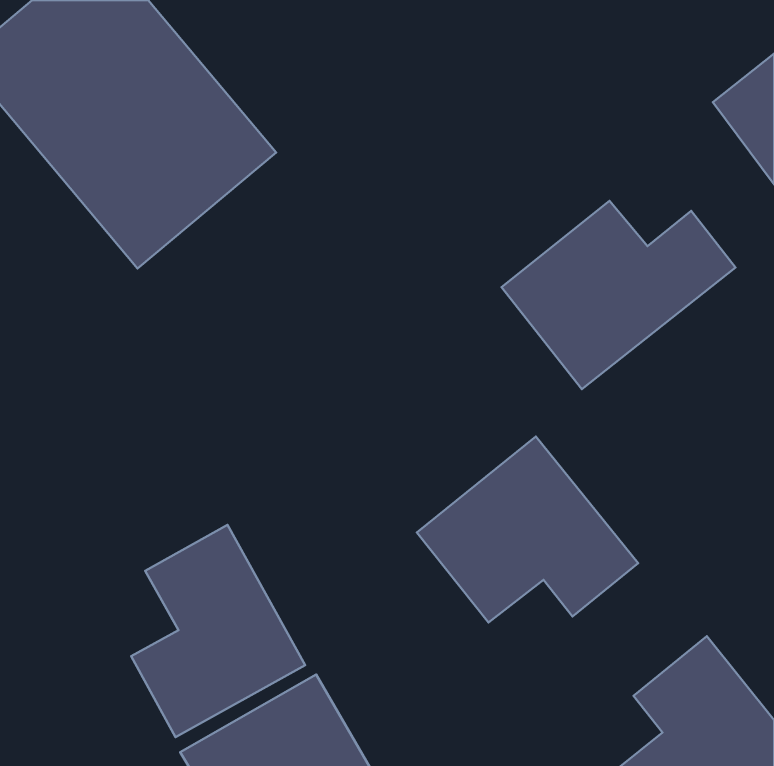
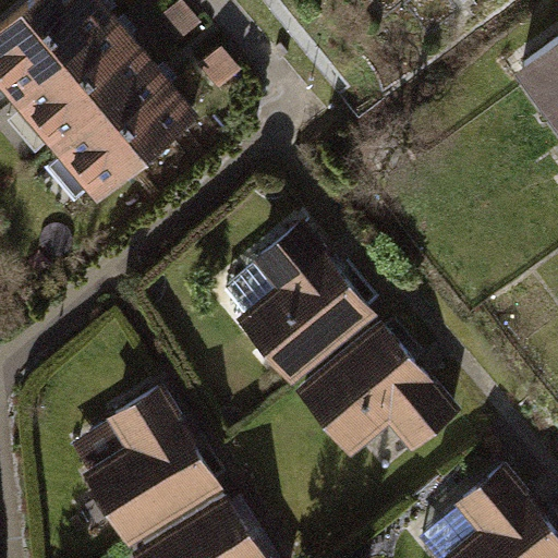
building: [501,201,736,389] -> none
building: none -> [239,227,373,385]

